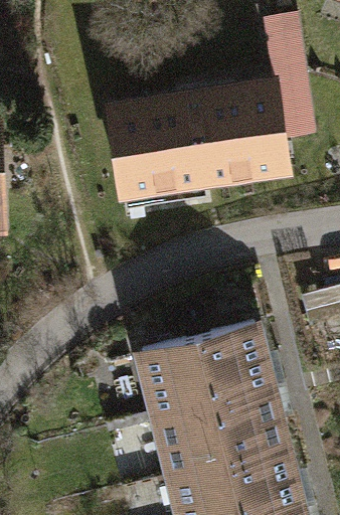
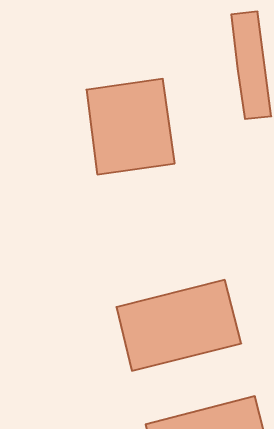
building: [190,87,286,191] -> none
building: [156,390,292,480] -> none

